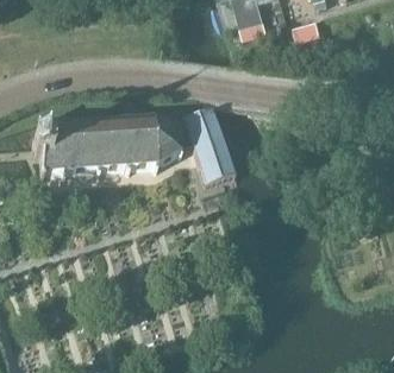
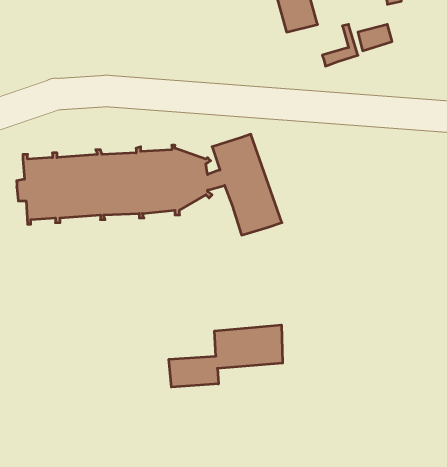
building: none -> [169,325,283,387]

